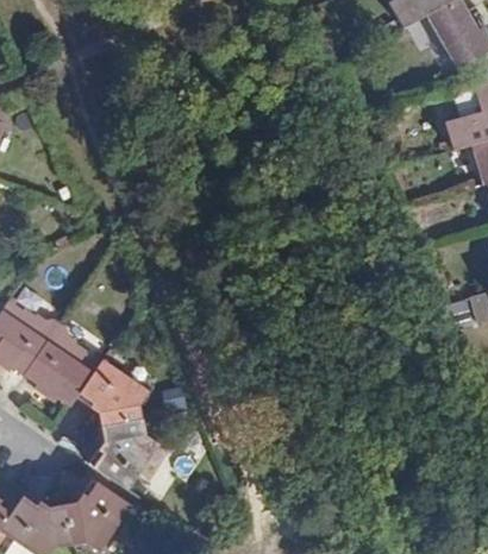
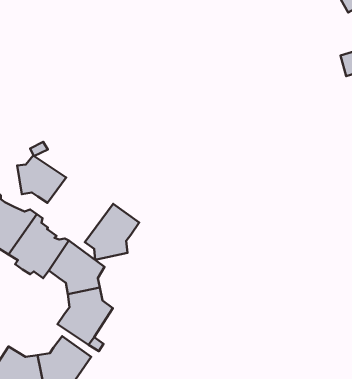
building: none -> [17,155,66,203]
building: none -> [85,204,139,260]

